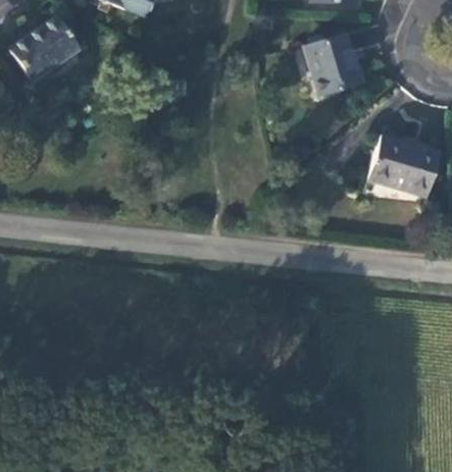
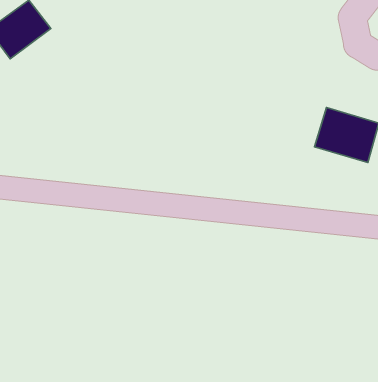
building: [304,34,360,95] -> none

